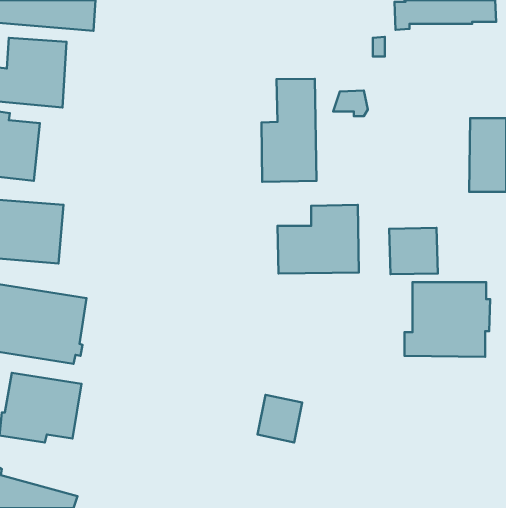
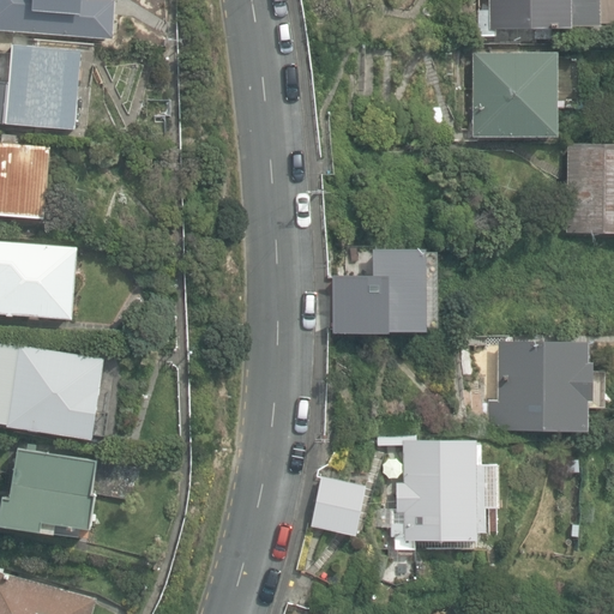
building: none -> [460,53,555,140]
building: [261,79,317,182] -> none
building: [389,228,438,274] -> none
building: none -> [374,434,498,561]

